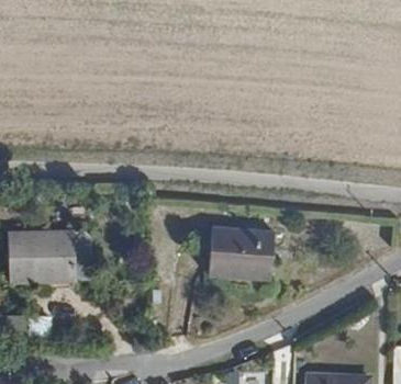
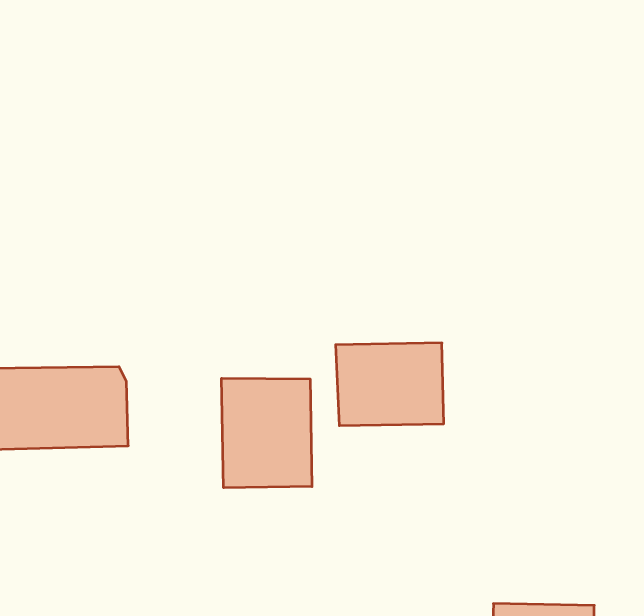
building: none -> [222,378,312,488]

